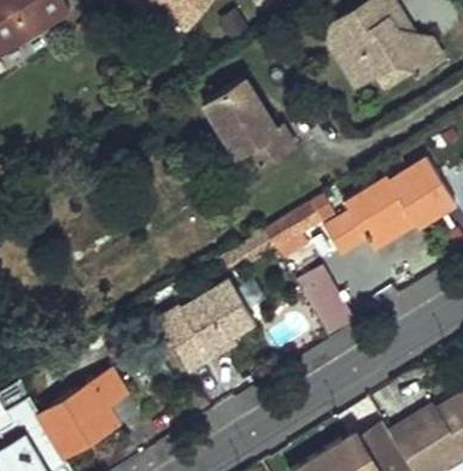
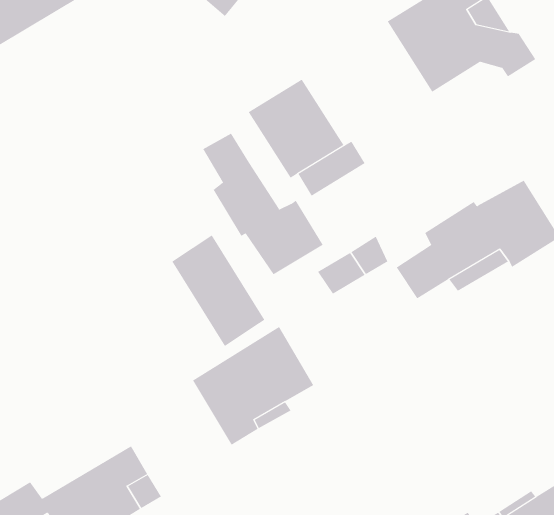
building: none -> [203,133,323,275]
building: none -> [172,235,265,347]
building: [295,264,357,338] -> none

